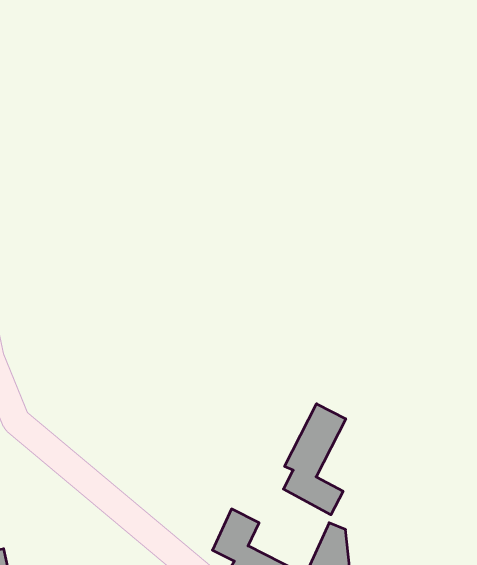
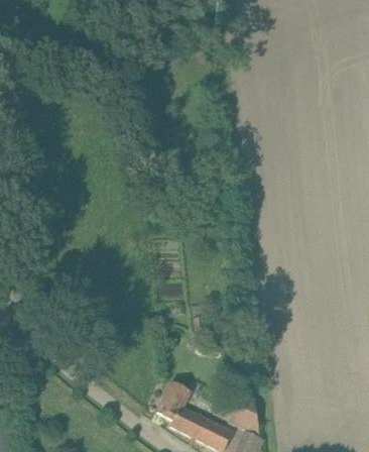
building: [283,404,346,515] -> none

